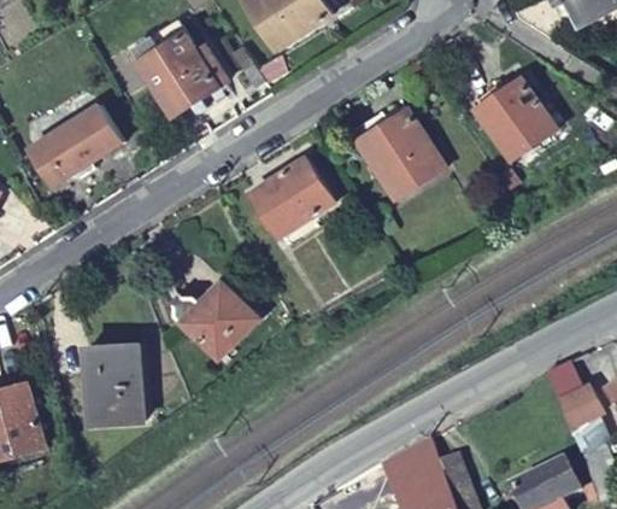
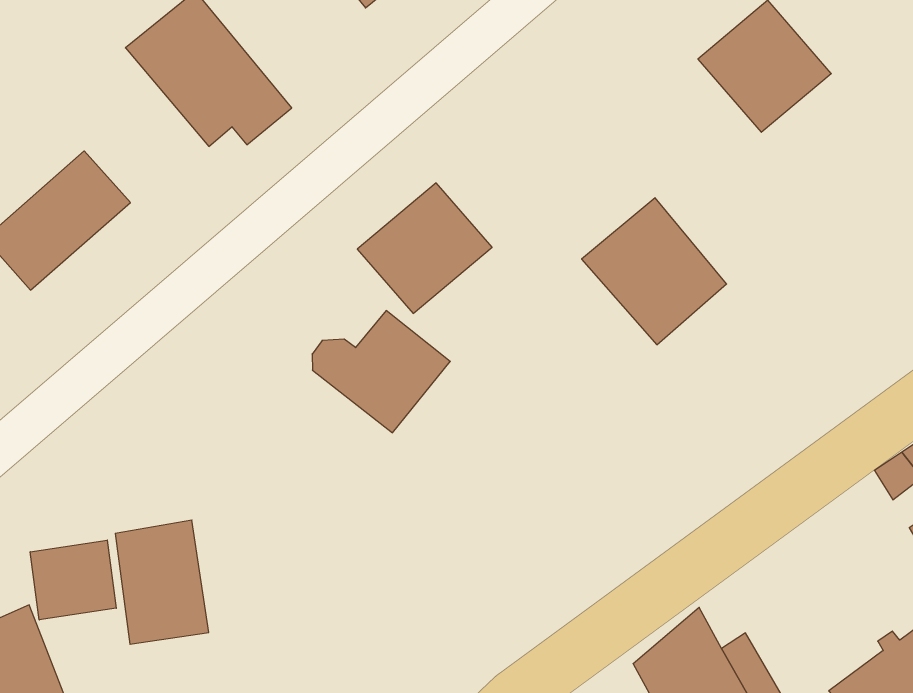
building: [358,107,442,195] -> [582,198,727,345]
building: [170,282,253,356] -> [312,311,450,433]
building: none -> [30,540,116,620]

